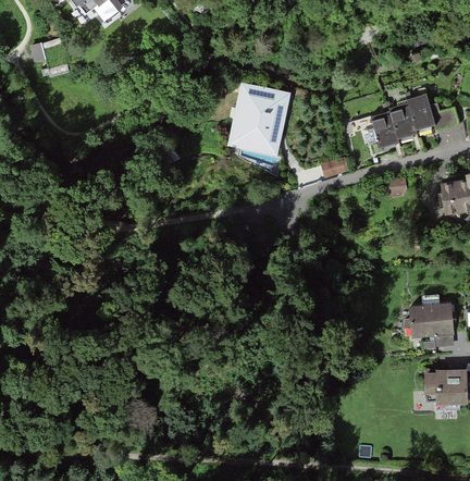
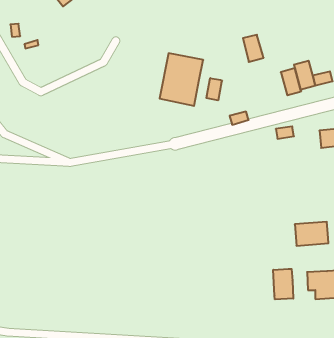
building: [372,111,399,147] -> [243,35,264,62]
building: none -> [206,78,222,100]
building: none -> [273,269,293,299]

